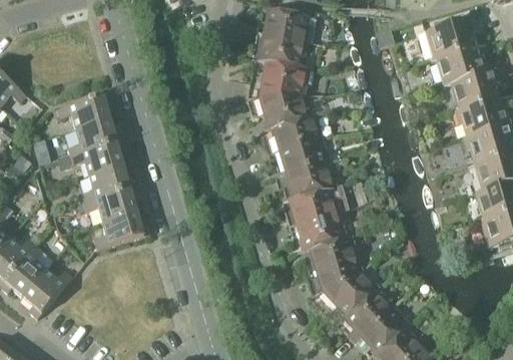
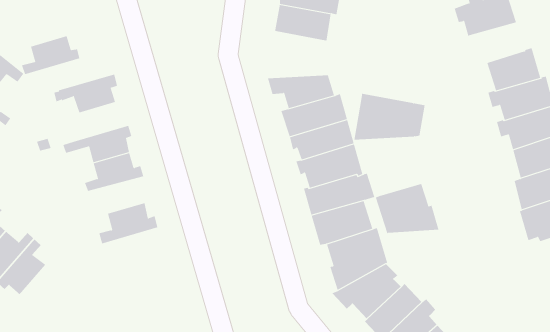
building: [436,46,486,85] -> none
building: [249,54,316,97] -> [354,93,425,140]
building: [68,119,122,155] -> [21,36,80,75]
building: [84,188,139,222] -> none
building: none -> [375,183,439,235]
building: [22,269,73,318] -> none

